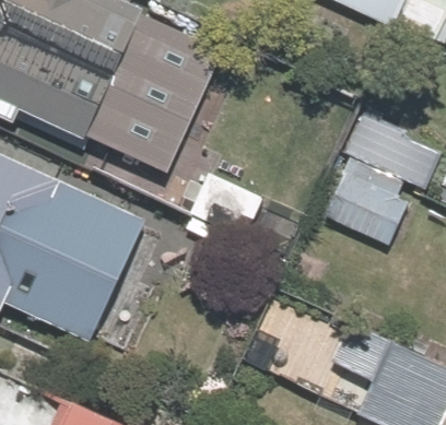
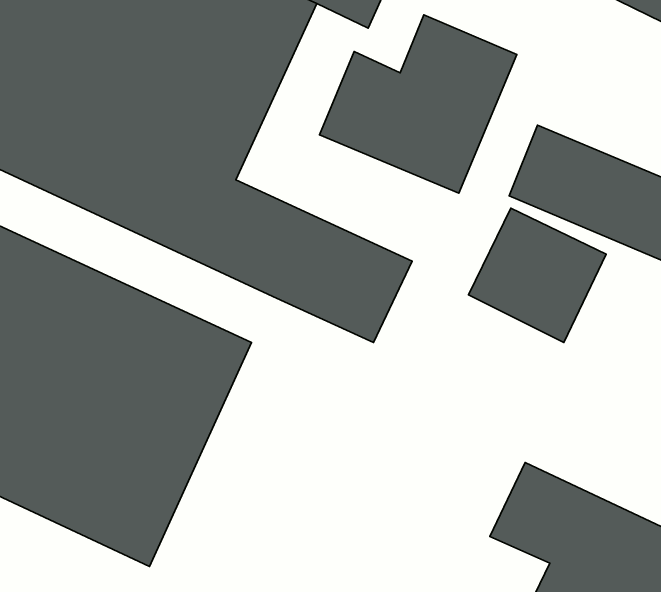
building: none -> [320,15,517,193]

